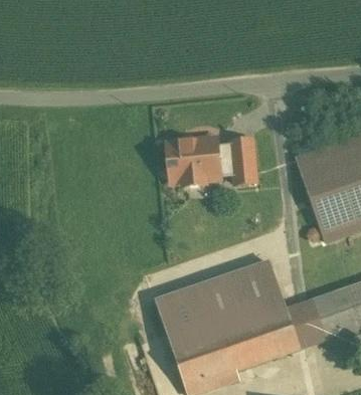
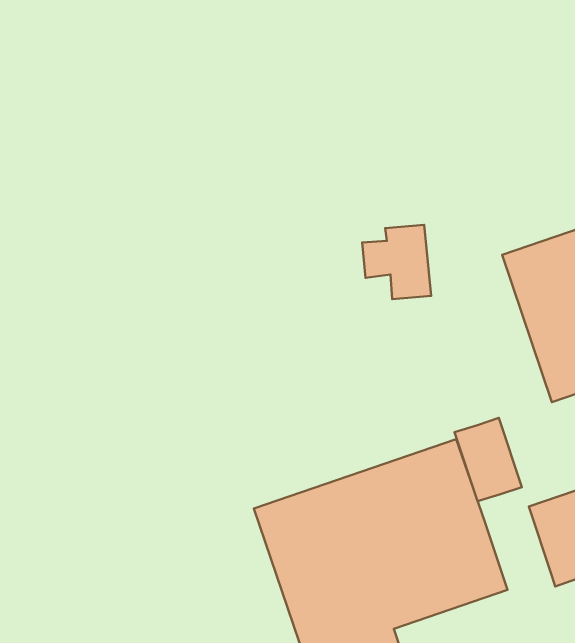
building: [167,138,218,184] -> none
building: [286,299,324,346] -> [455,418,522,501]

